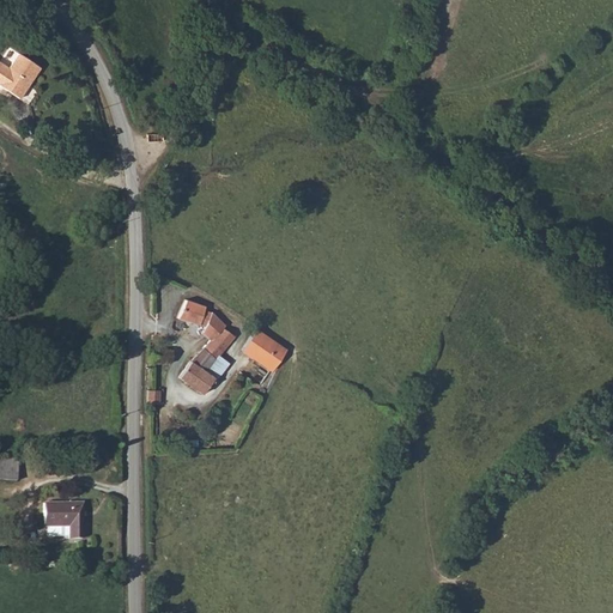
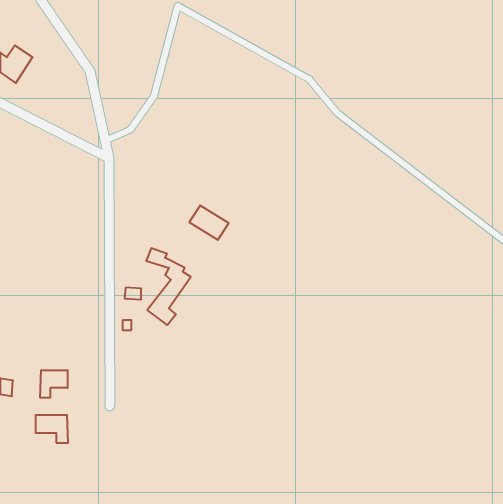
building: [238,328,286,370] -> [189,205,229,240]
building: none -> [40,370,68,398]

